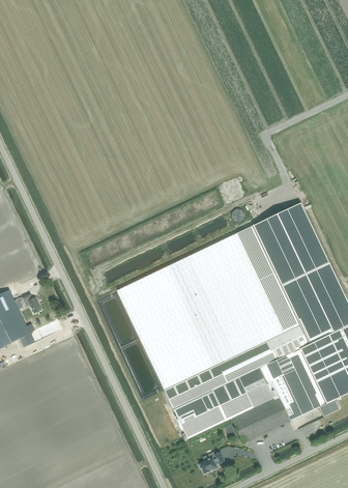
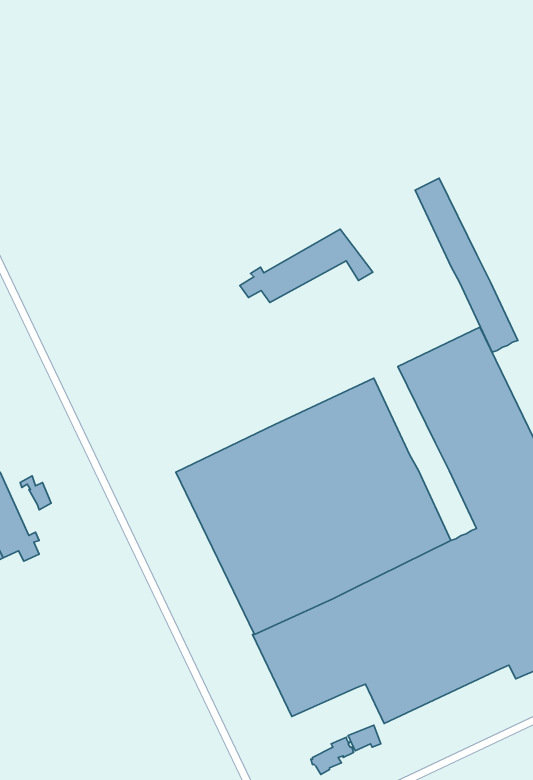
building: none -> [240,229,373,302]
building: [236,226,298,332] -> [415,178,518,352]

